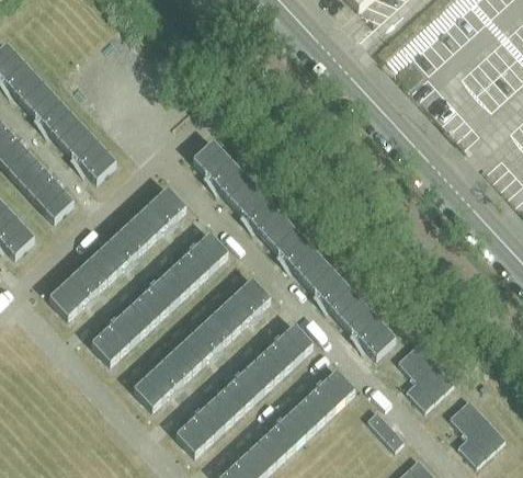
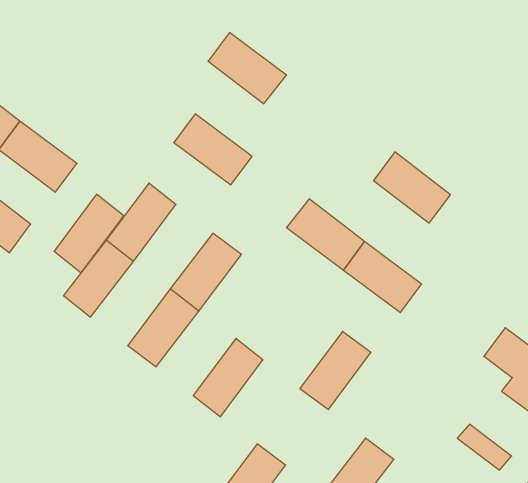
building: [229,179,286,237] -> [208,33,286,104]
building: [49,259,106,316] -> [54,194,124,273]
building: [213,277,270,333] -> none
building: [340,297,396,355] -> [374,152,450,223]
building: [91,305,149,362] -> none
building: [134,351,191,407] -> none
building: [215,360,273,416] -> none
building: [297,368,355,425] -> none

